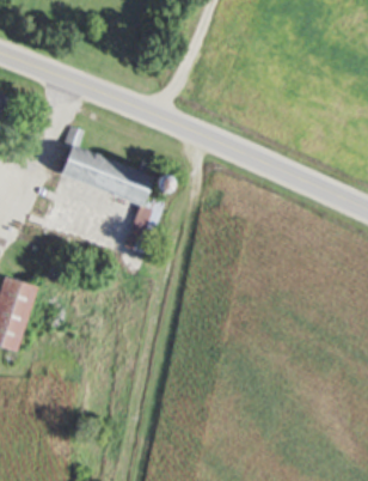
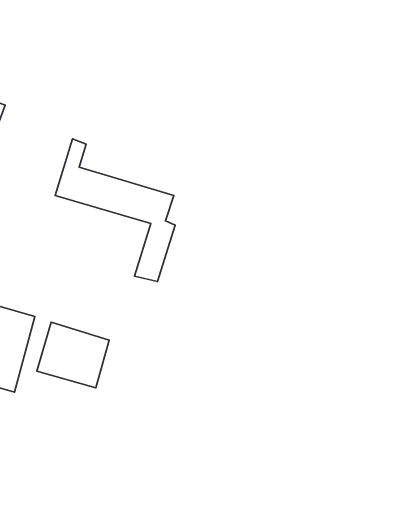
building: none -> [37,322,109,388]

